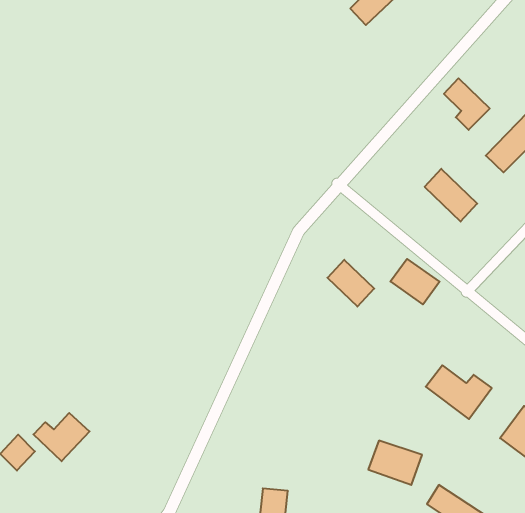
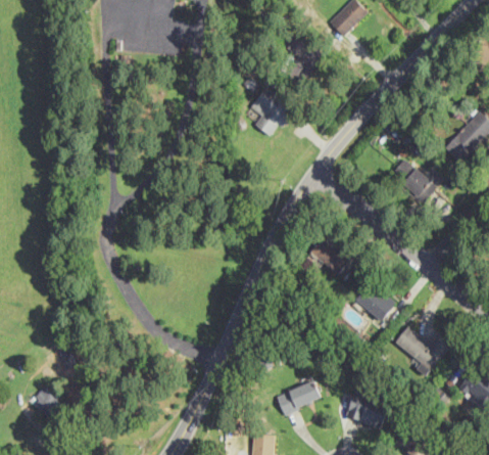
building: [444,78,490,130] -> none
building: none -> [250,88,291,136]
building: [390,259,440,304] -> [354,283,396,322]
building: [33,413,90,461] -> none
building: none -> [276,379,323,417]

